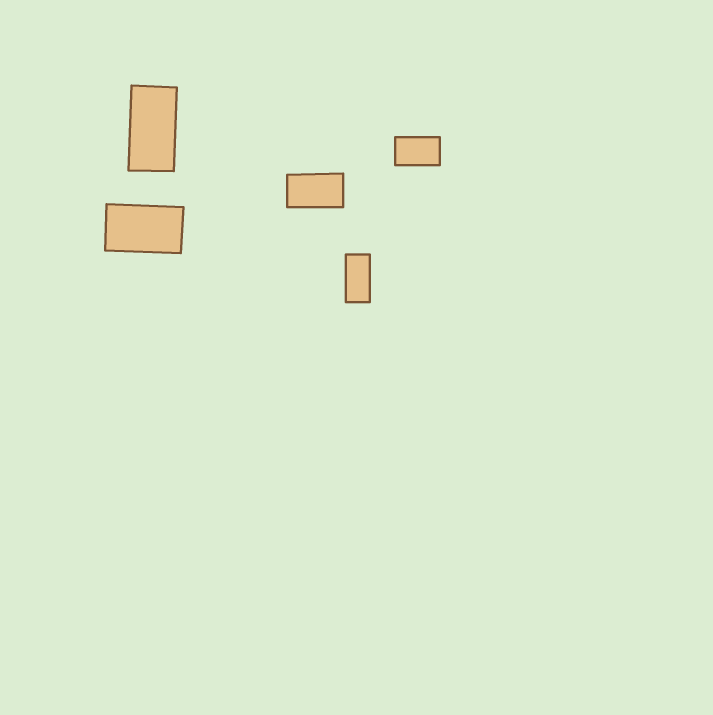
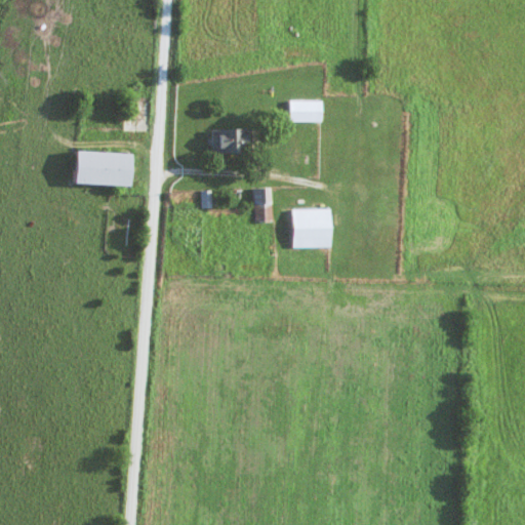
building: [129,86,177,171] -> none
building: none -> [291,209,332,247]

